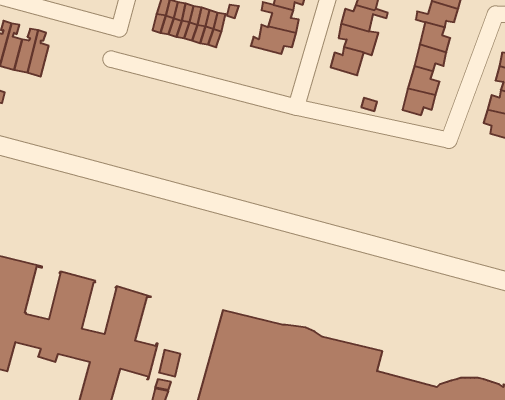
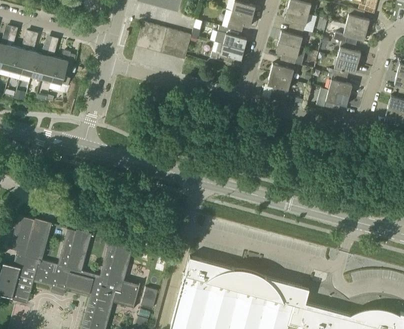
building: none -> [52,51,71,86]
building: none -> [267,75,290,103]

